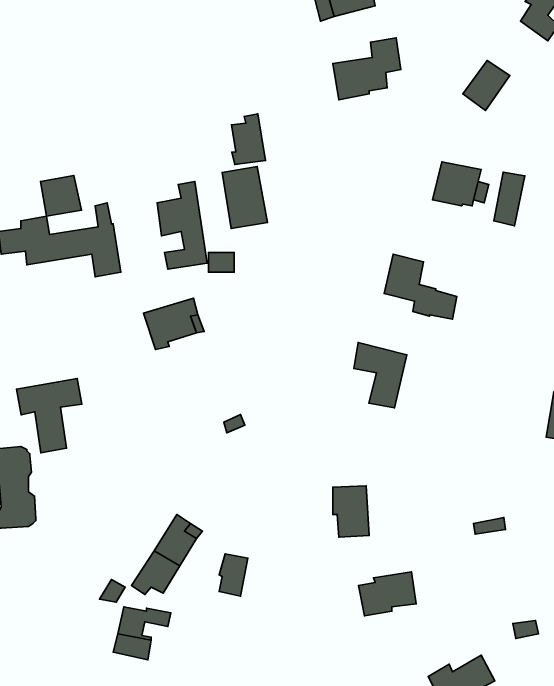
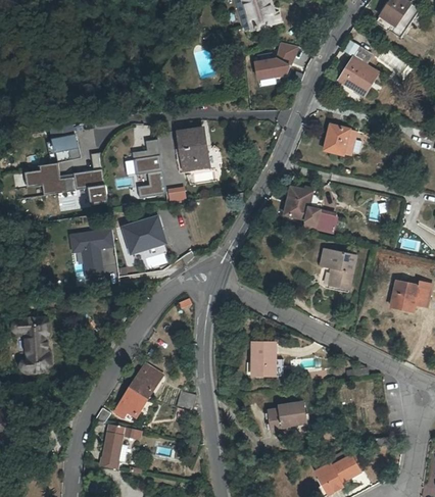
building: [232,114,266,165] -> none
building: [494,172,525,226] -> none
building: [354,343,407,408] -> [318,246,353,290]
building: [17,379,82,453] -> [70,228,114,278]

